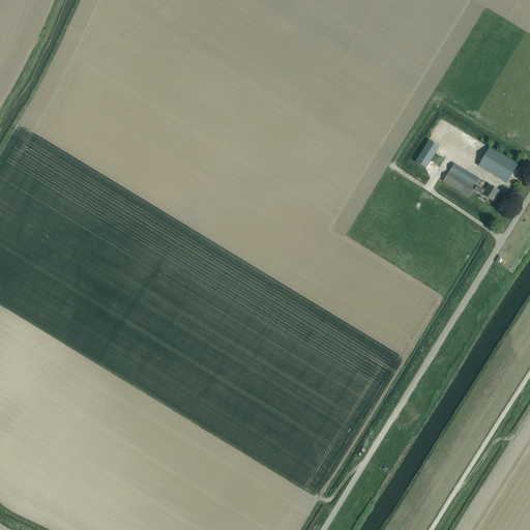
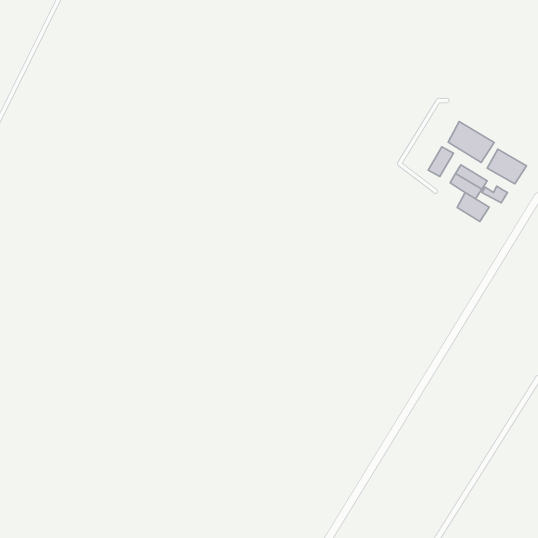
building: none -> [448,121,494,162]
building: none -> [457,193,489,222]

